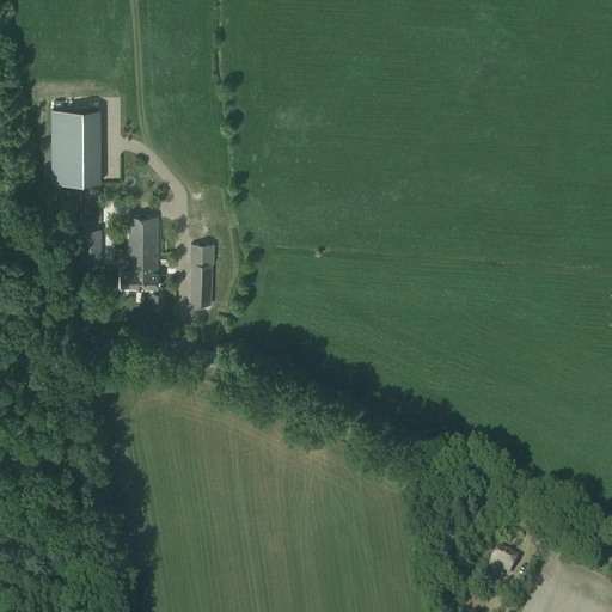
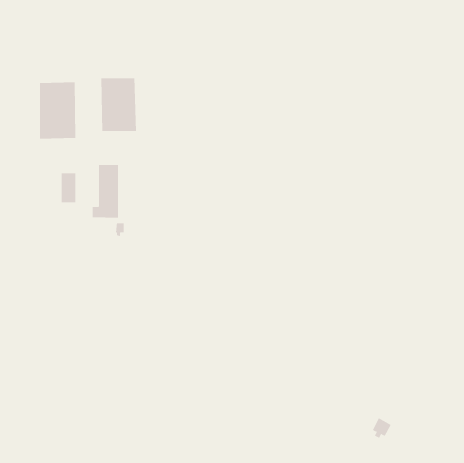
building: none -> [101,77,137,132]
building: [190,246,214,307] -> none

